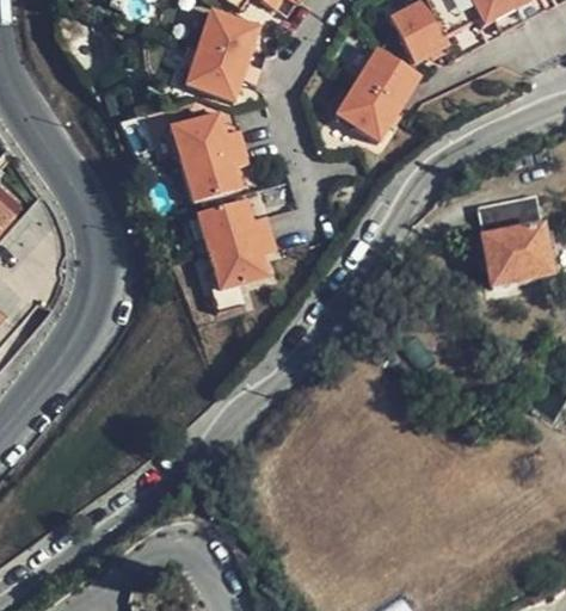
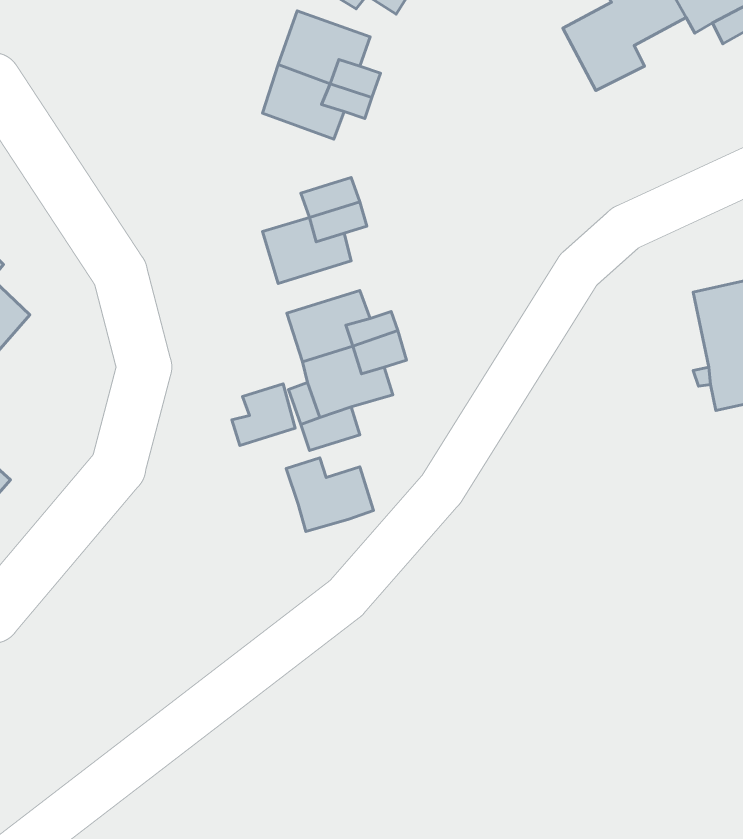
building: [334,49,417,140] -> none
building: [171,110,227,160] -> none
building: none -> [232,384,295,445]
building: none -> [286,458,373,531]

